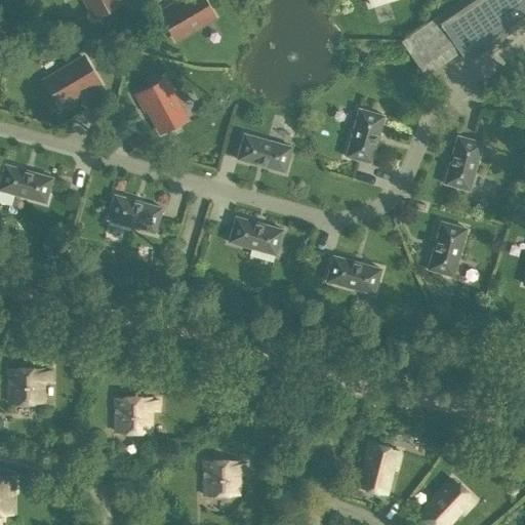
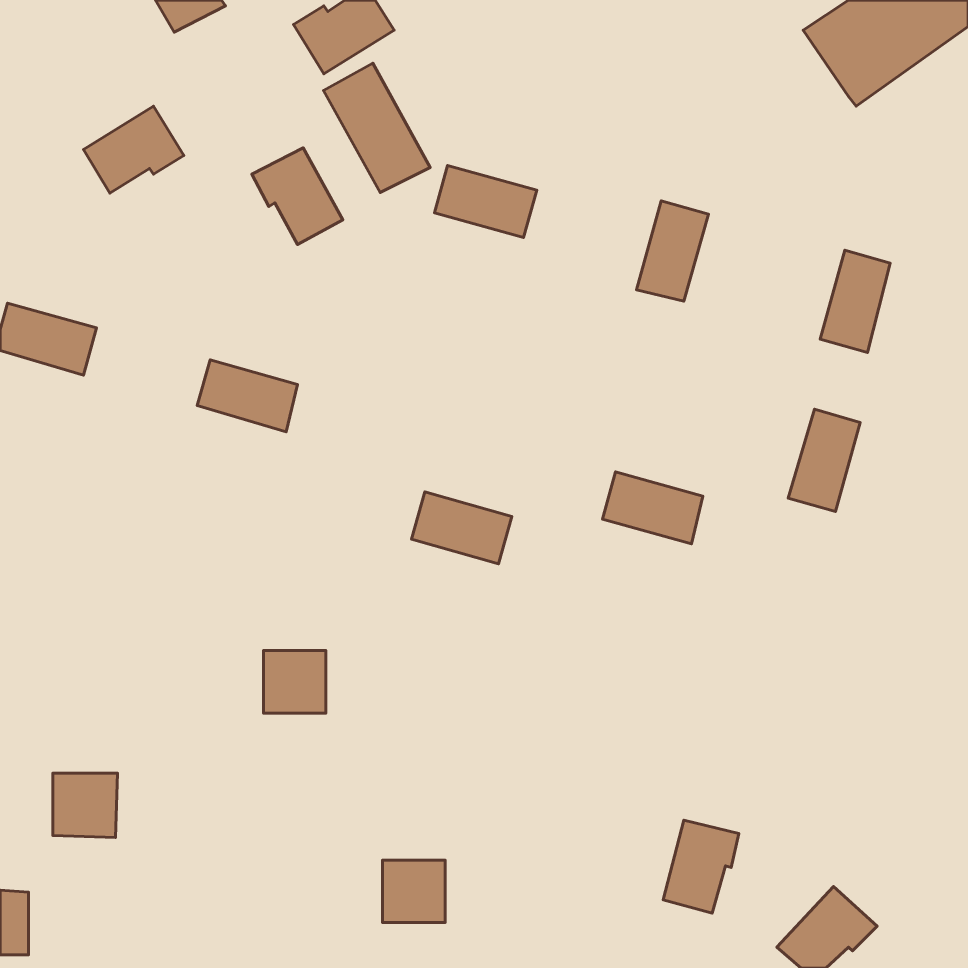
building: none -> [323,63,430,193]
building: [236,133,291,172] -> [434,165,537,237]
building: [229,216,283,255] -> [411,492,512,564]
building: [12,371,47,406] -> [53,773,117,837]
building: [116,398,150,432] -> [263,651,326,713]

